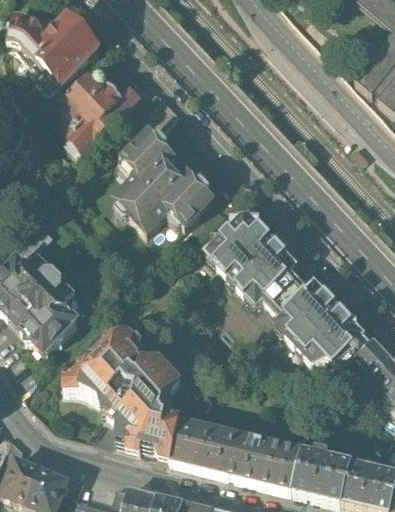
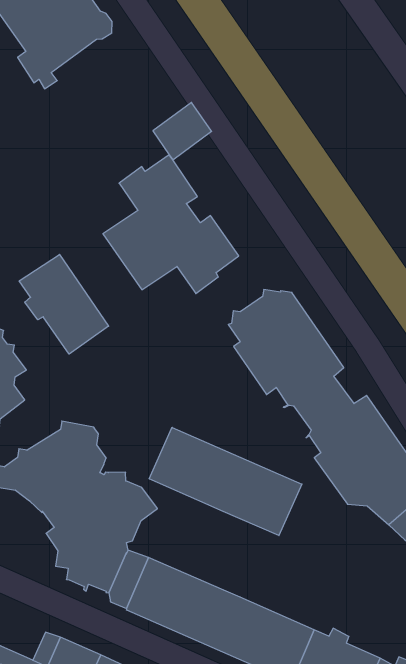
building: [54,70,139,155] -> none
building: none -> [19,254,109,354]
building: none -> [149,427,302,536]

